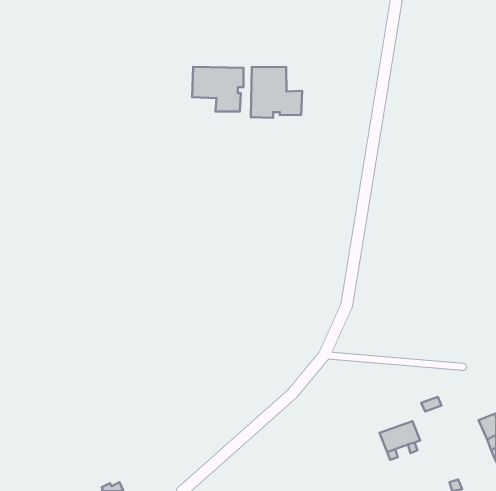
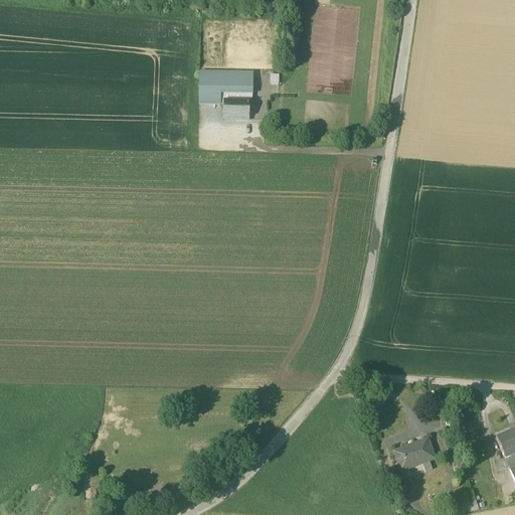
building: [251,67,302,118] -> none

